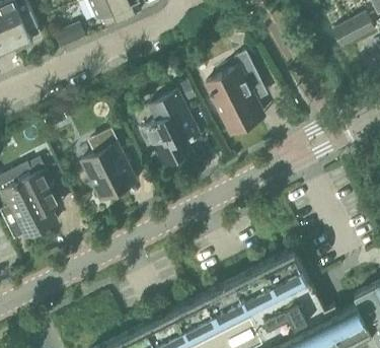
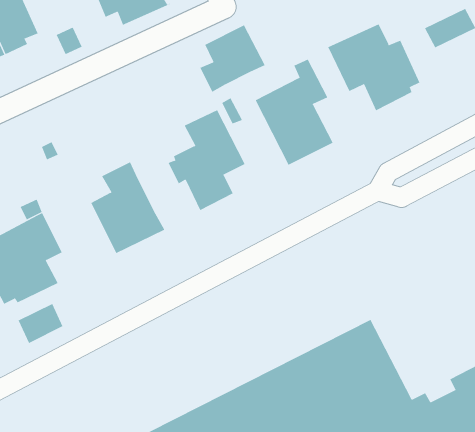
building: none -> [328,24,420,111]
building: none -> [199,24,266,92]
building: none -> [18,303,63,344]

